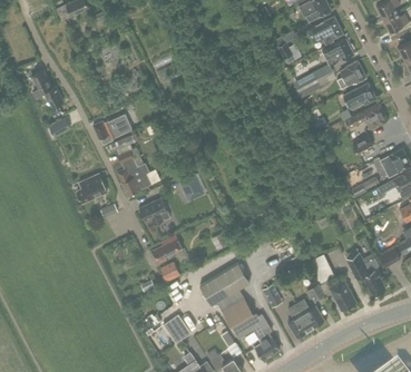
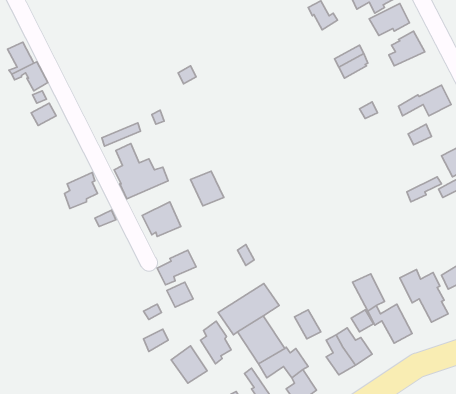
building: [343,81,376,108] -> none
building: [92,112,134,145] -> none
building: none -> [201,321,231,364]

